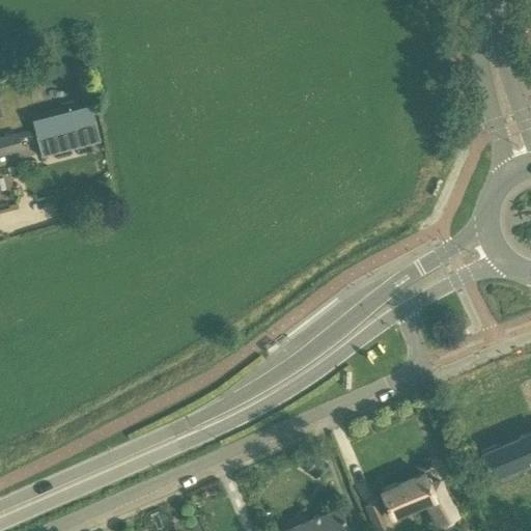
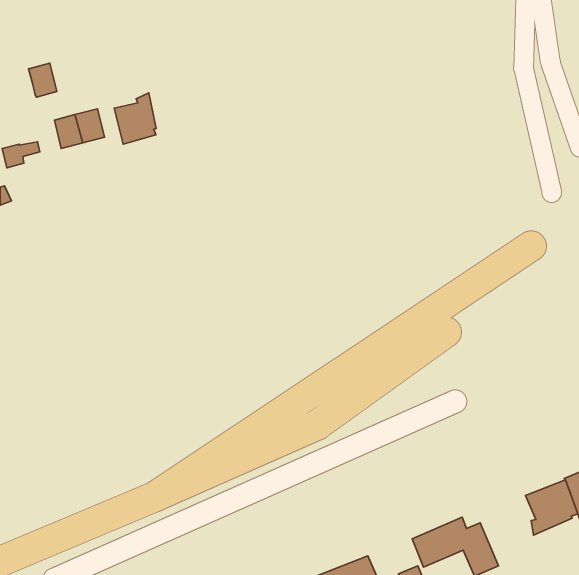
building: none -> [114,93,156,144]
building: [31,114,57,145] -> [28,63,57,97]

